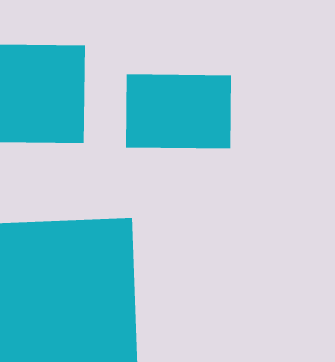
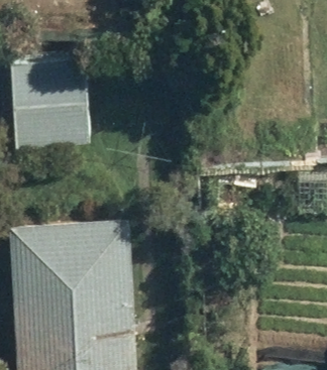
building: [125,73,232,149] -> none

